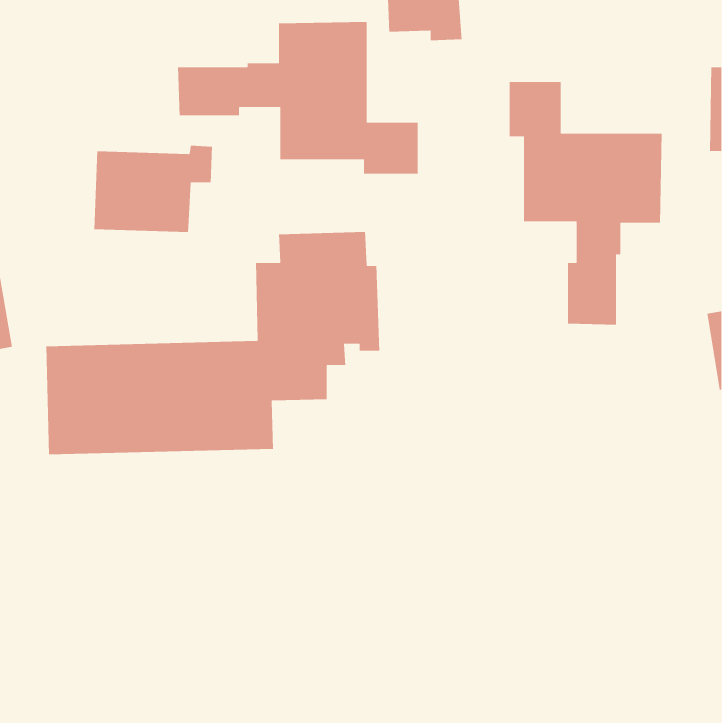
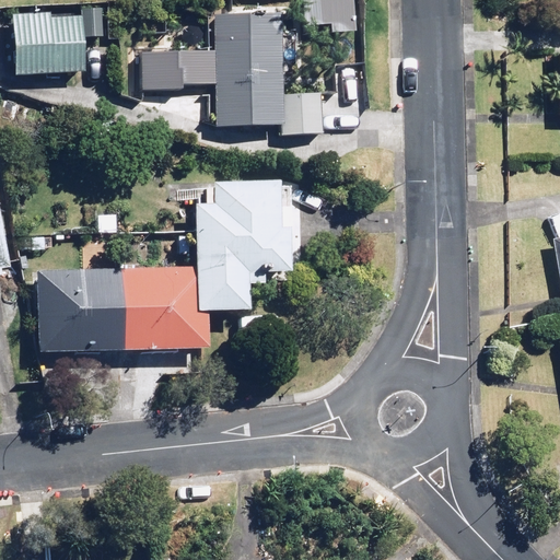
building: [509,81,662,326] -> none
building: [94,145,213,233] -> [12,7,104,74]

